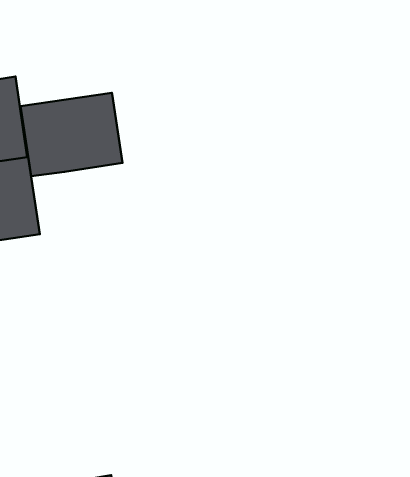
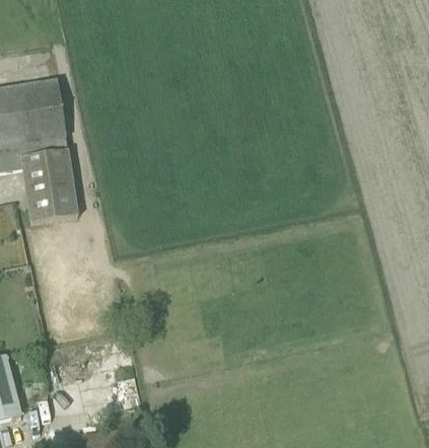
building: [21,93,122,176] -> none

